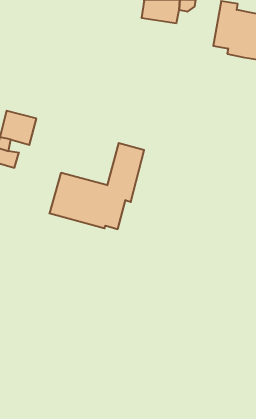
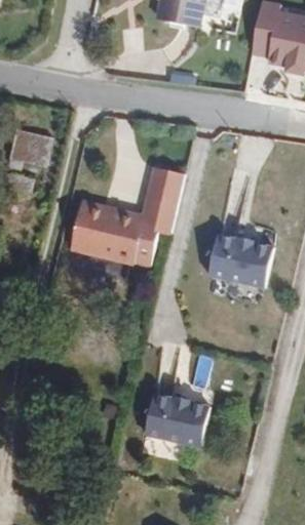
building: none -> [215,230,279,284]
building: none -> [146,391,211,445]

